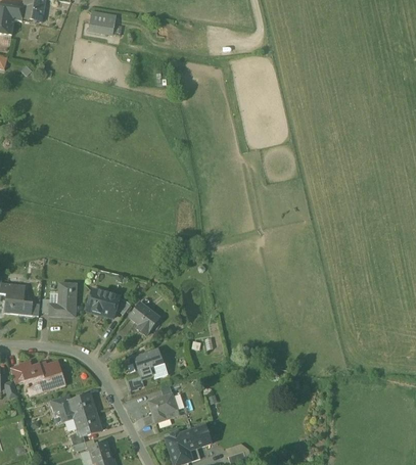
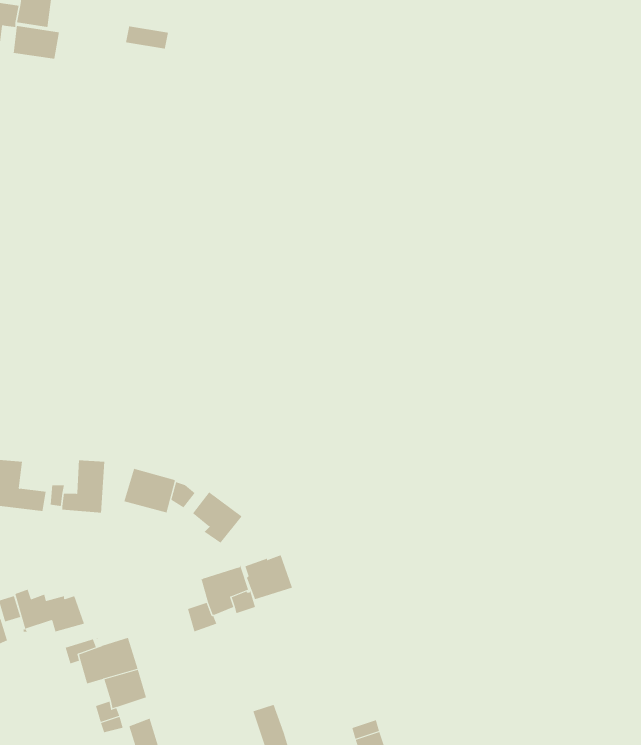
building: none -> [13,25,59,60]
building: [149,393,179,421] -> [244,554,293,600]
building: [179,424,212,451] -> none

